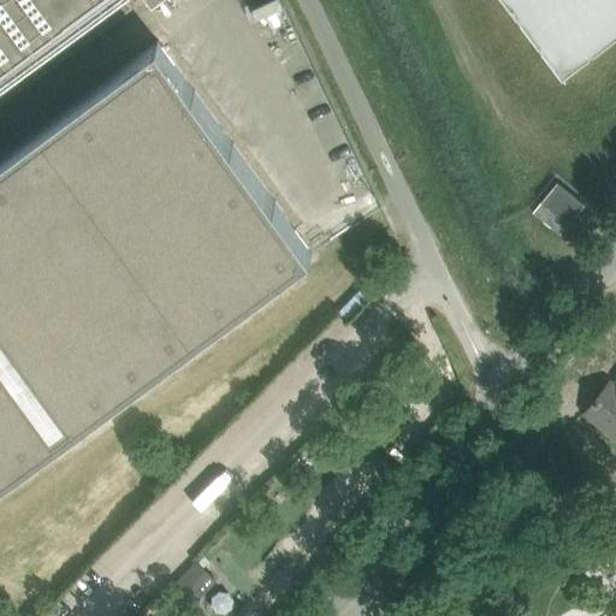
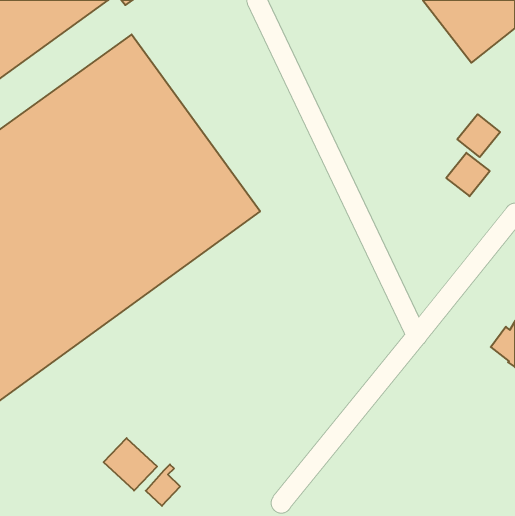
building: none -> [457,114,500,157]
building: none -> [104,438,157,491]

